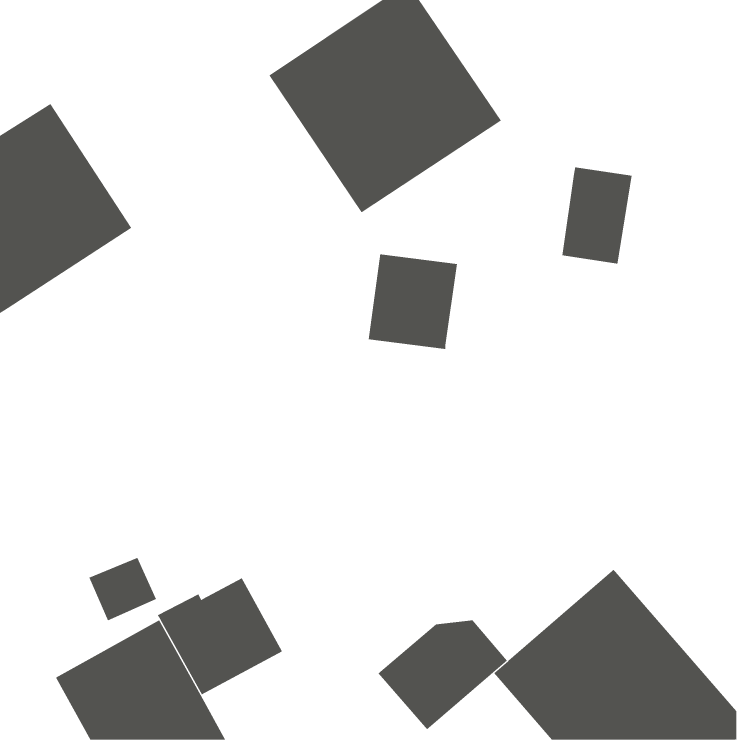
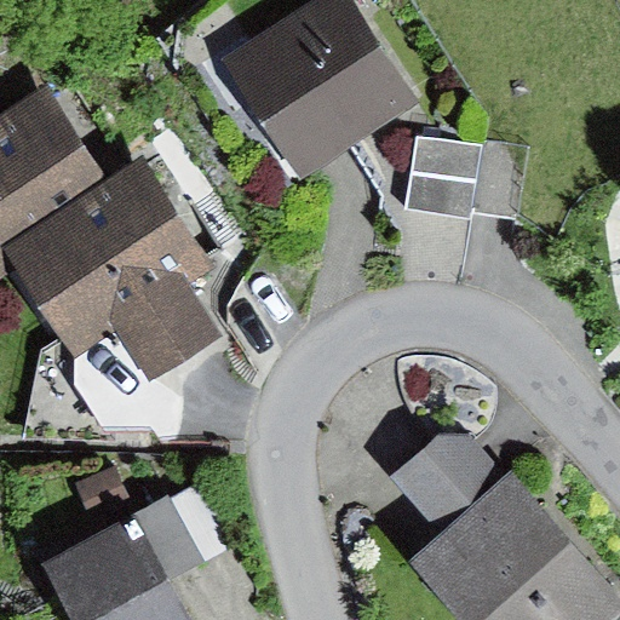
building: none -> [6,167,220,384]
building: [368,254,458,350] -> [403,137,478,217]
building: [377,620,508,730] -> [386,434,495,526]

